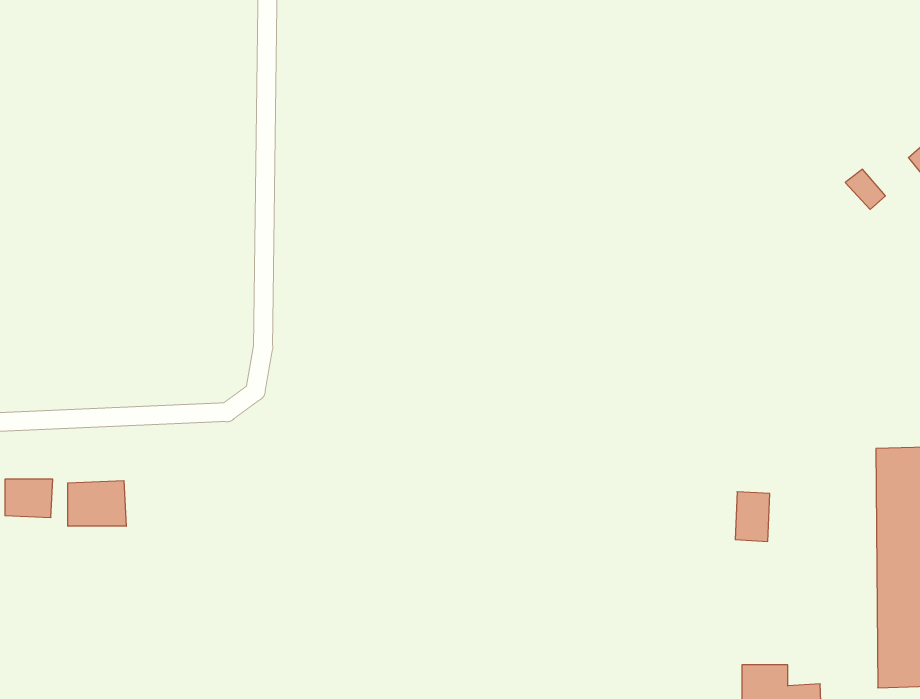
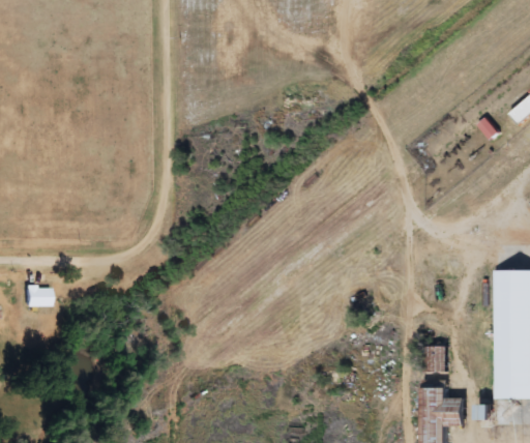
building: [68,481,126,526] -> none
building: [735,492,770,541] -> [429,345,447,372]

